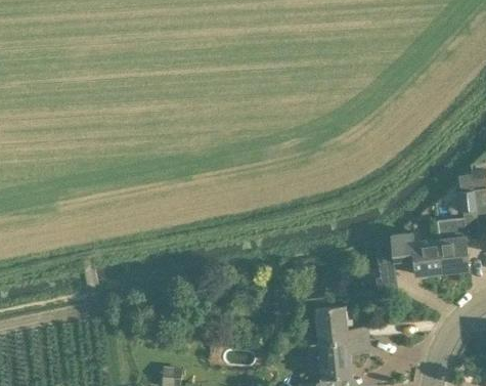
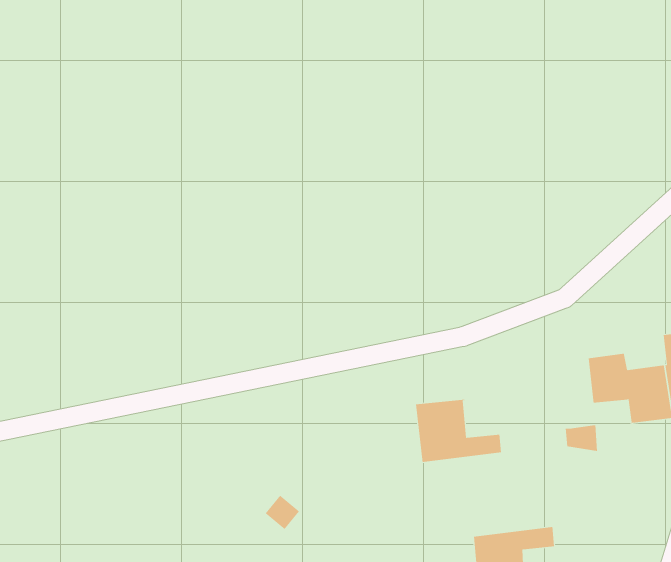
building: [315,306,368,345] -> [415,399,502,462]

